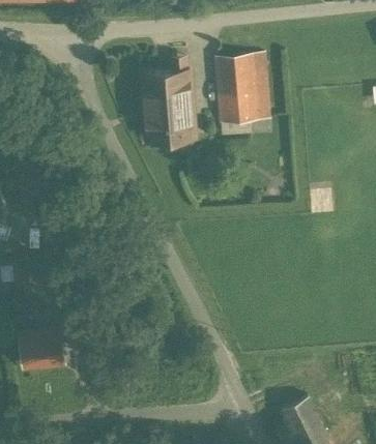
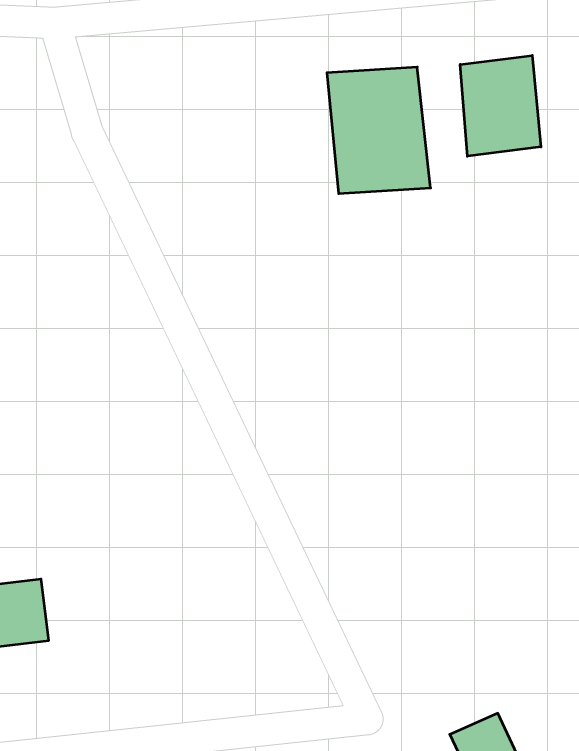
building: none -> [460,55,541,156]
building: [141,72,190,142] -> none

